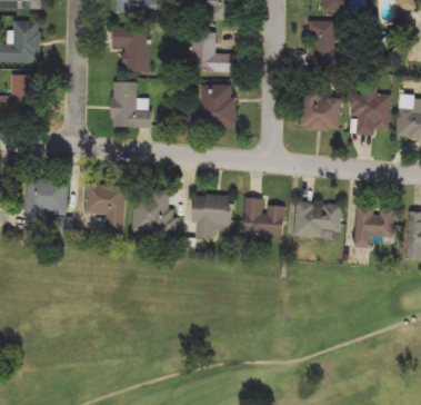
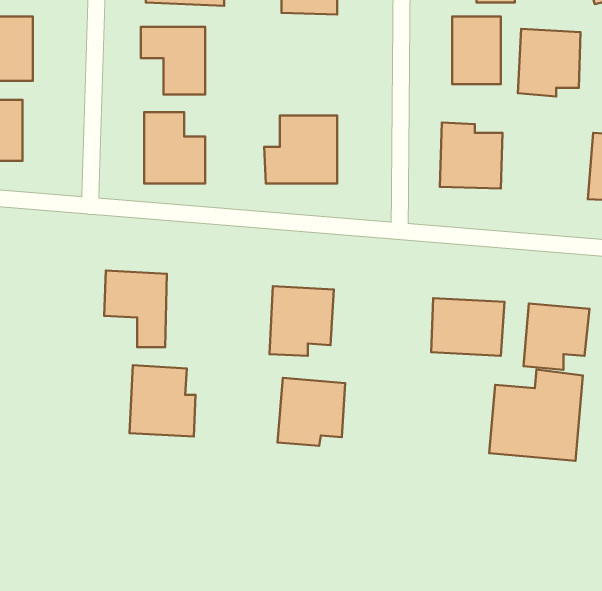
building: [192,32,237,72] -> none
building: [350,91,390,135] -> [518,29,580,97]
building: [26,179,68,228] -> none
building: [133,188,176,234] -> [129,365,196,437]
building: [241,199,284,243] -> [277,378,345,446]
building: none -> [489,370,583,461]

